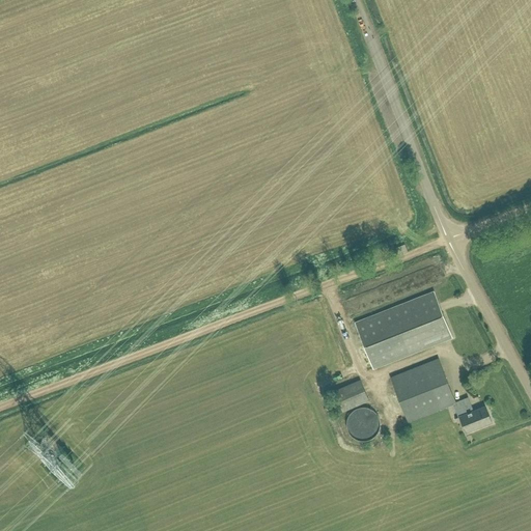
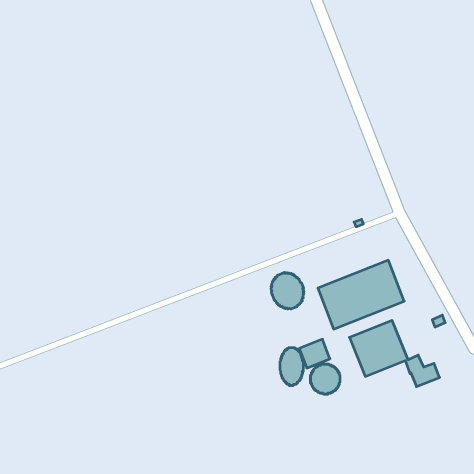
building: none -> [271,272,304,309]
building: none -> [280,348,303,386]

